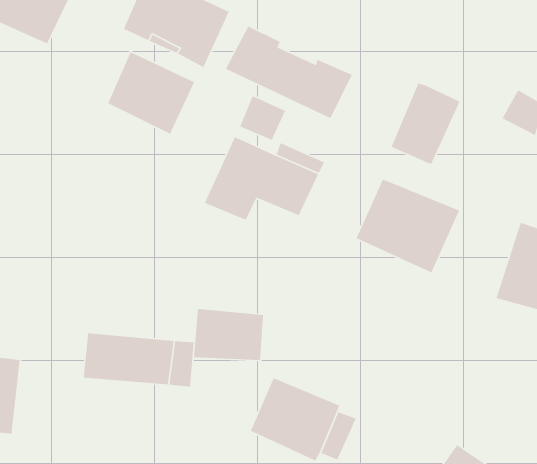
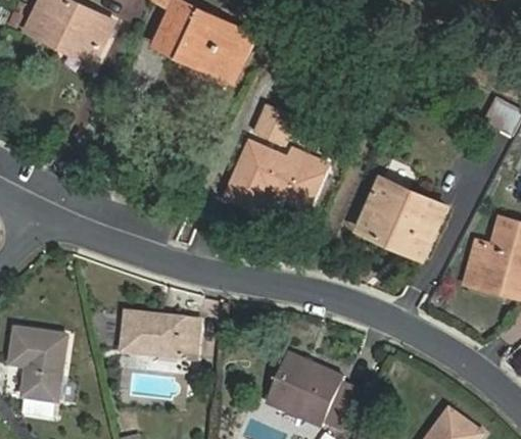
building: [225,26,353,119] -> none
building: [107,51,195,135] -> none
building: [391,82,461,165] -> none
building: [193,308,264,361] -> none

